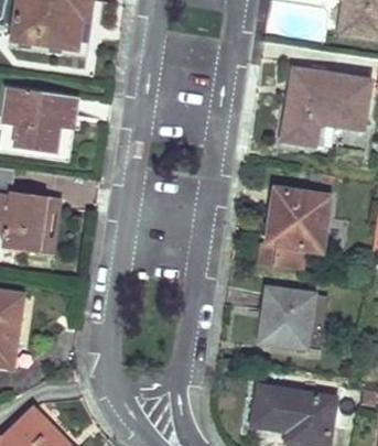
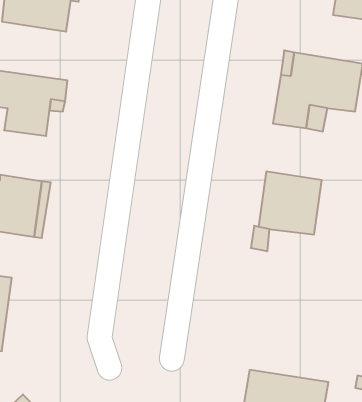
building: [260,289,314,348] -> none

